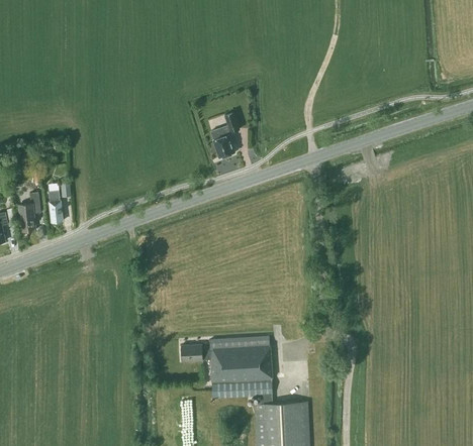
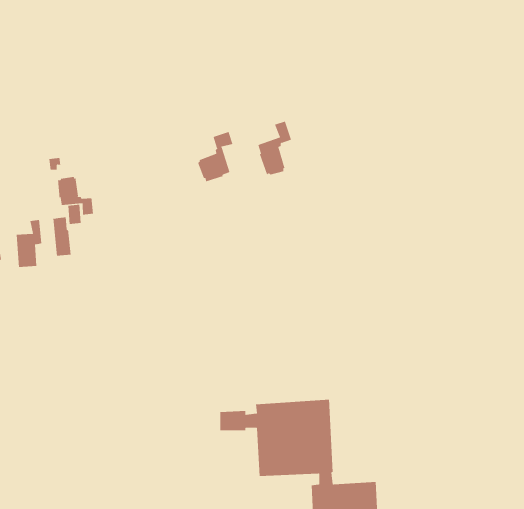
building: none -> [198,131,233,182]
building: none -> [58,176,93,215]

